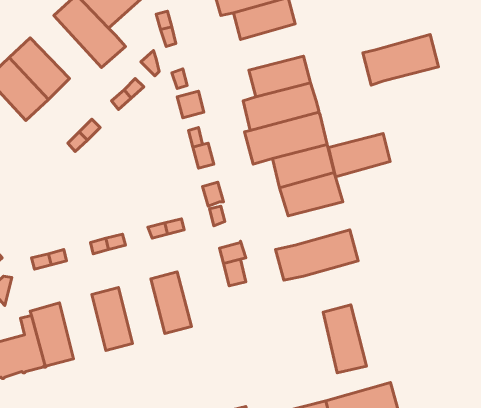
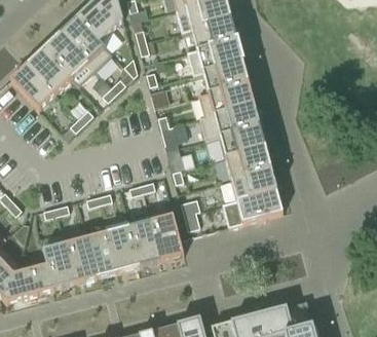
building: none -> [43,32,96,85]
building: [363,35,438,85] -> [188,38,243,75]
building: [329,133,390,177] -> [232,168,277,200]
building: none -> [149,207,185,260]
building: none -> [106,218,142,272]
building: none -> [63,227,99,284]
building: [323,305,367,373] -> none

